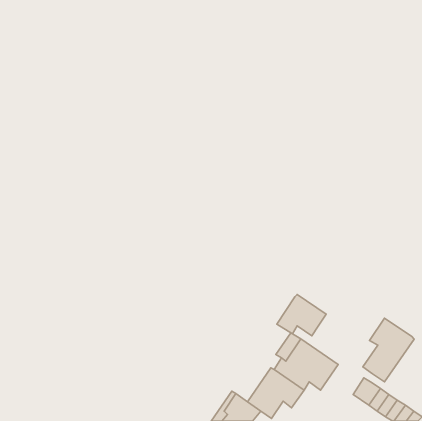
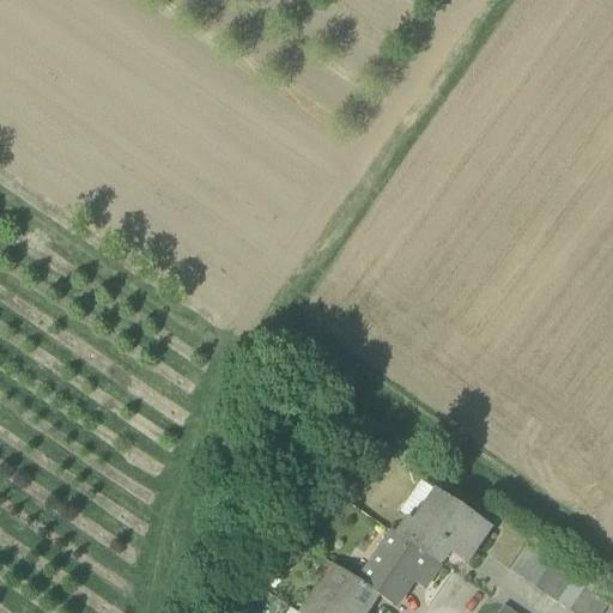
building: [277,295,326,336] -> none
building: [363,318,414,382] -> none

